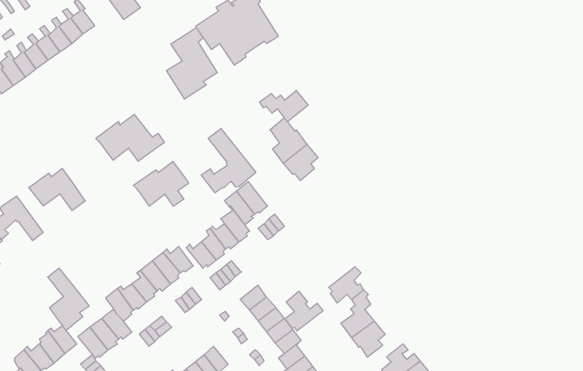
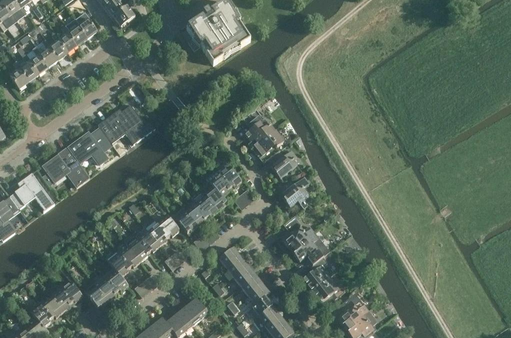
building: [167,27,217,99] -> none
building: [260,90,308,122] -> none
building: [201,129,256,193] -> none
building: [133,162,189,206] -> [67,127,113,164]
building: none -> [268,150,297,178]
building: none -> [278,177,311,209]
building: [48,268,89,330] -> none
building: [285,291,323,331] -> [282,216,314,249]

